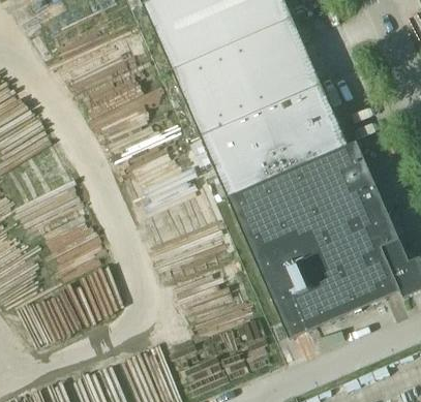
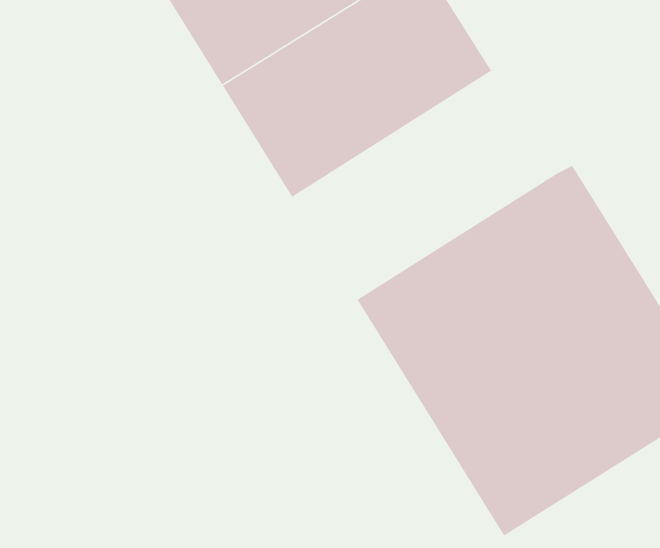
building: [202,86,349,199] -> none

